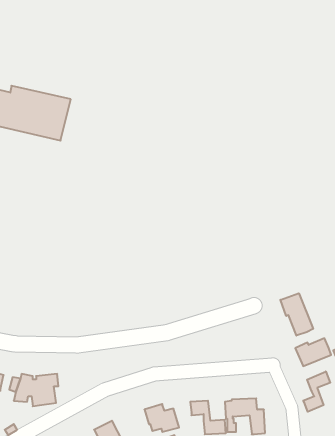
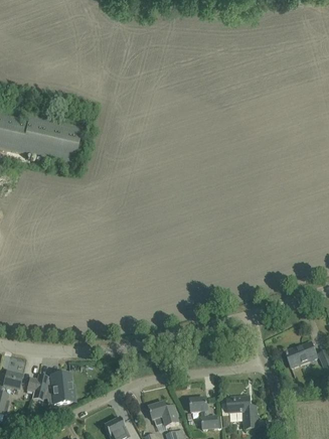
building: [280,293,313,336] -> none
building: [303,371,330,412] -> none

